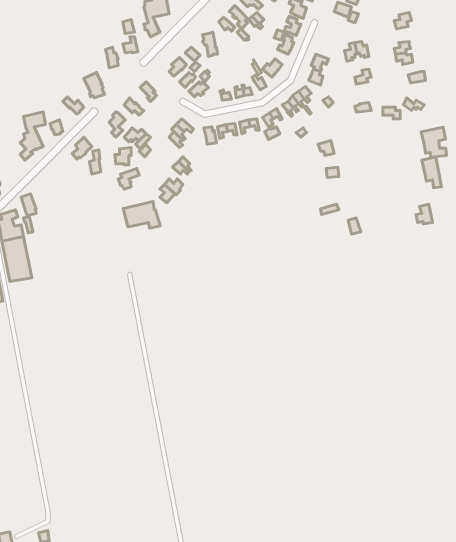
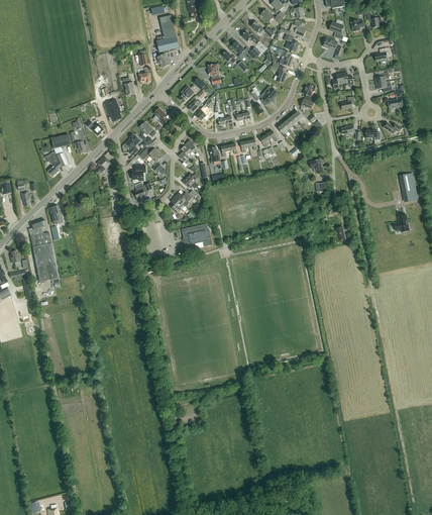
building: [421,127,446,157] -> none
building: [123,202,160,228] -> [181,223,213,246]

